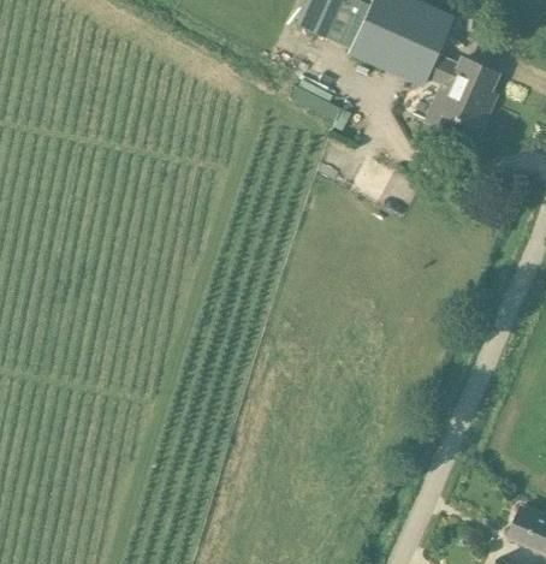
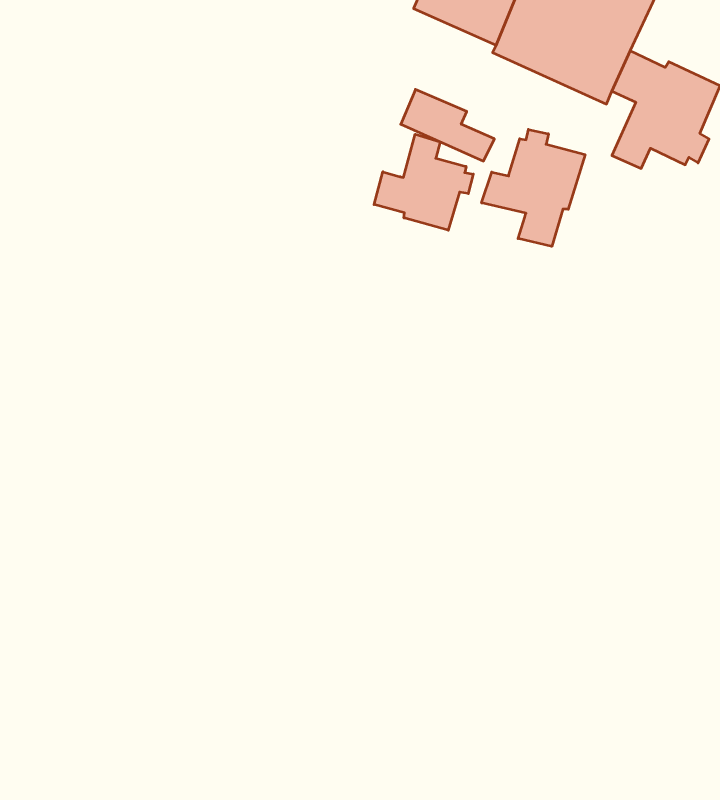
building: none -> [482,129,585,246]
building: none -> [374,134,473,230]

